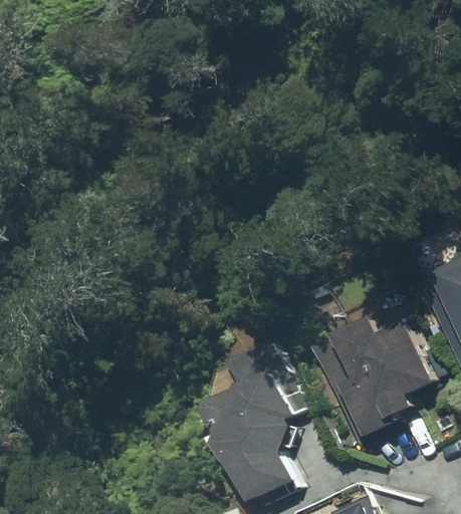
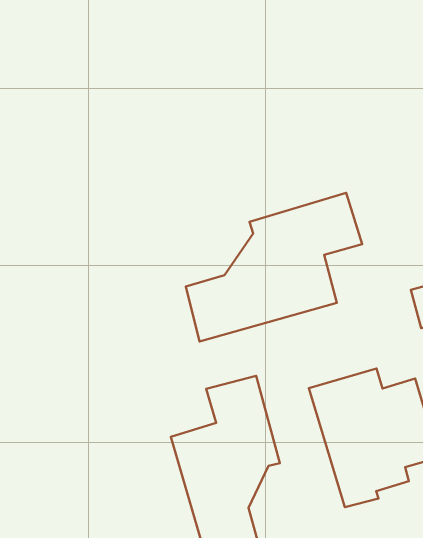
building: none -> [186,193,362,341]

